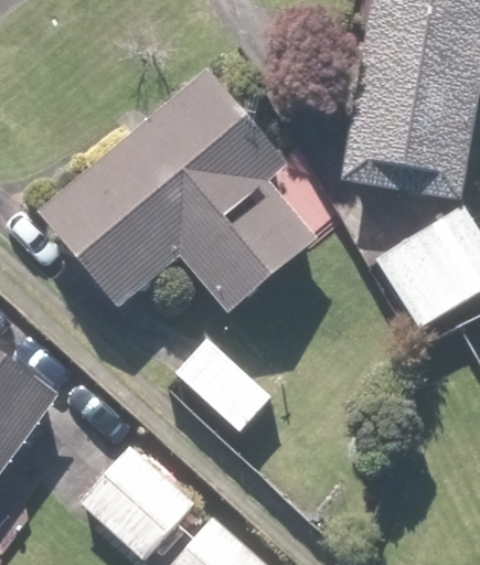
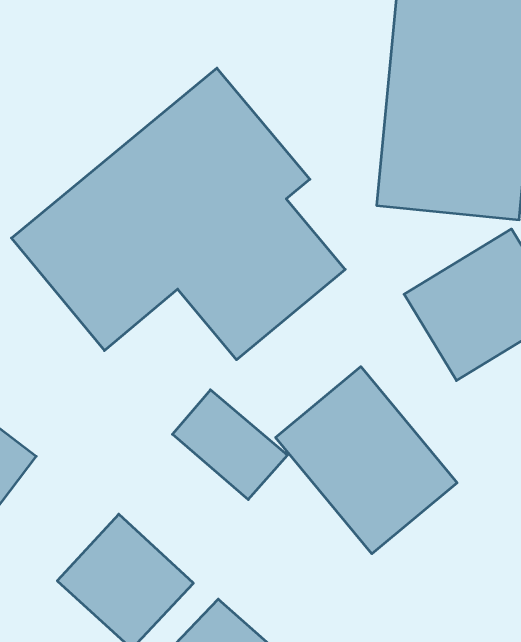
building: none -> [276,367,457,554]

